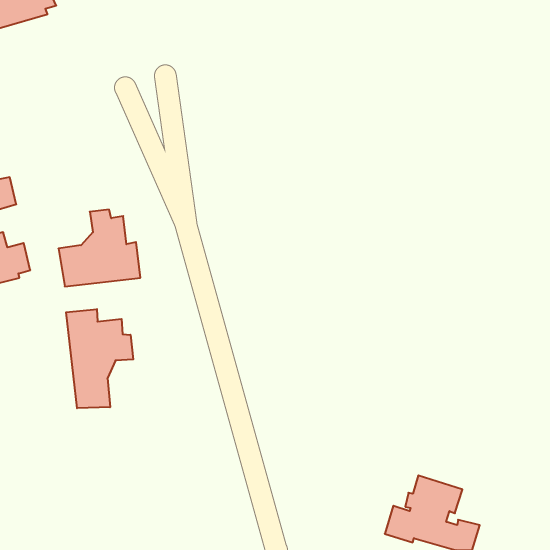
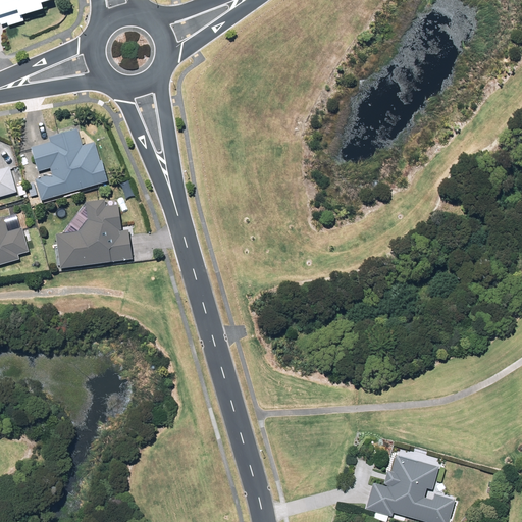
building: none -> [30,128,109,199]
building: [66,309,133,408] -> none

